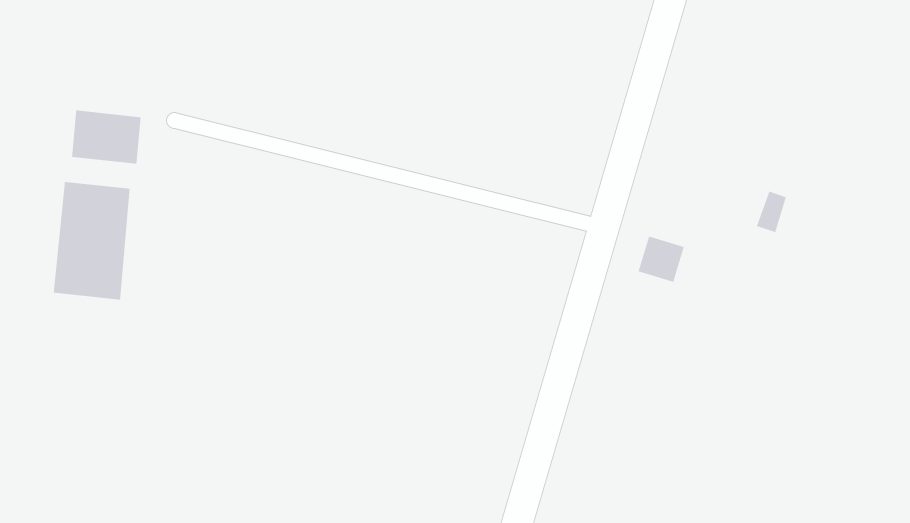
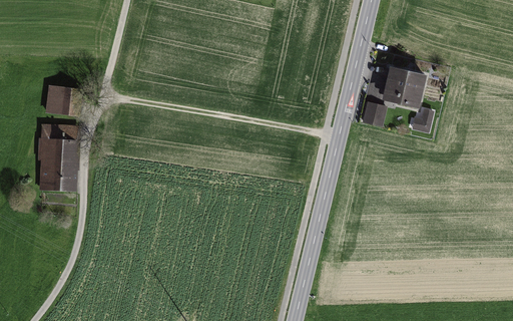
building: none -> [385,66,429,107]
building: [637,235,685,283] -> [363,101,388,126]

